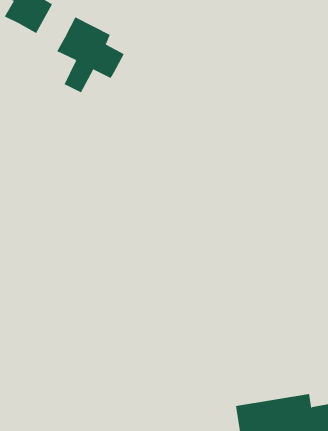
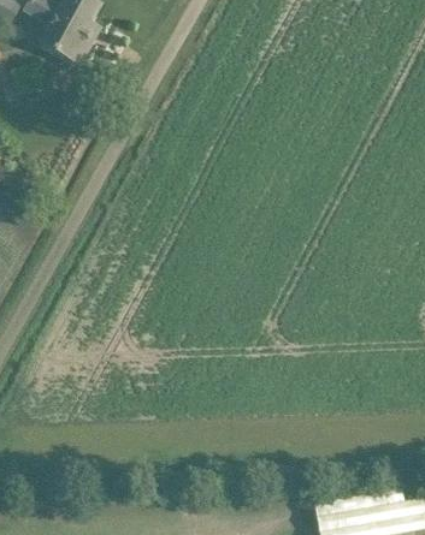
building: [56,16,125,93] -> none

